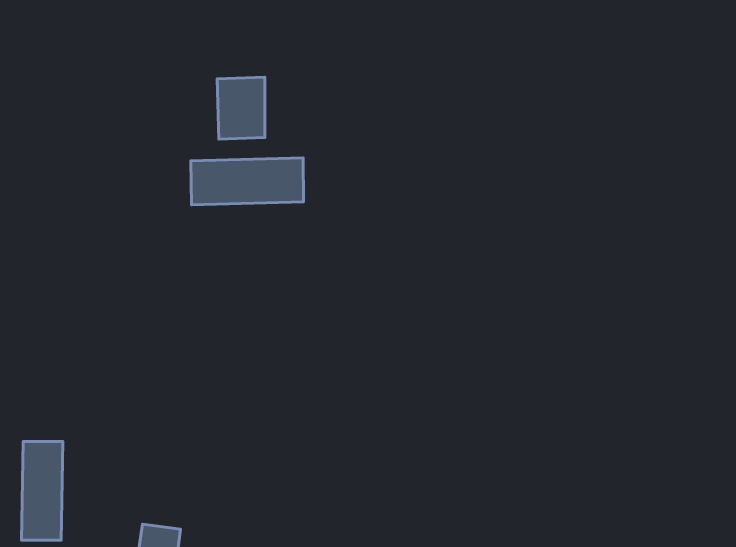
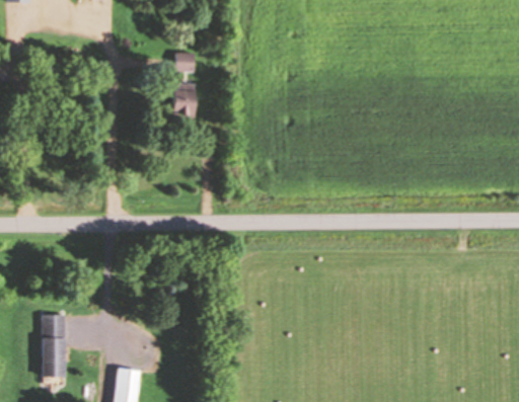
building: none -> [176,53,198,72]
building: [191,158,304,205] -> none

